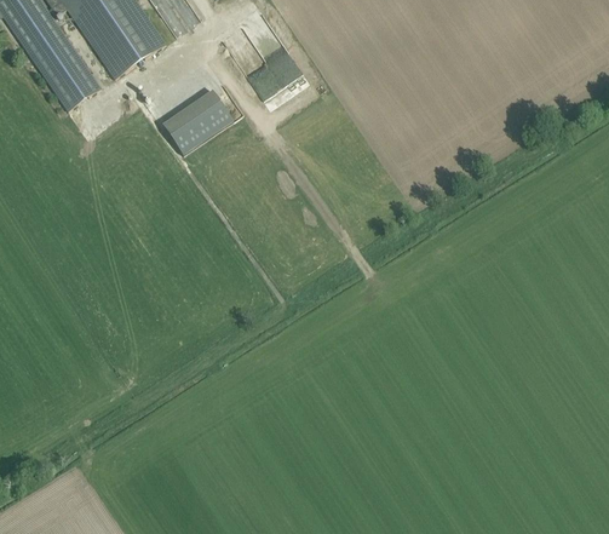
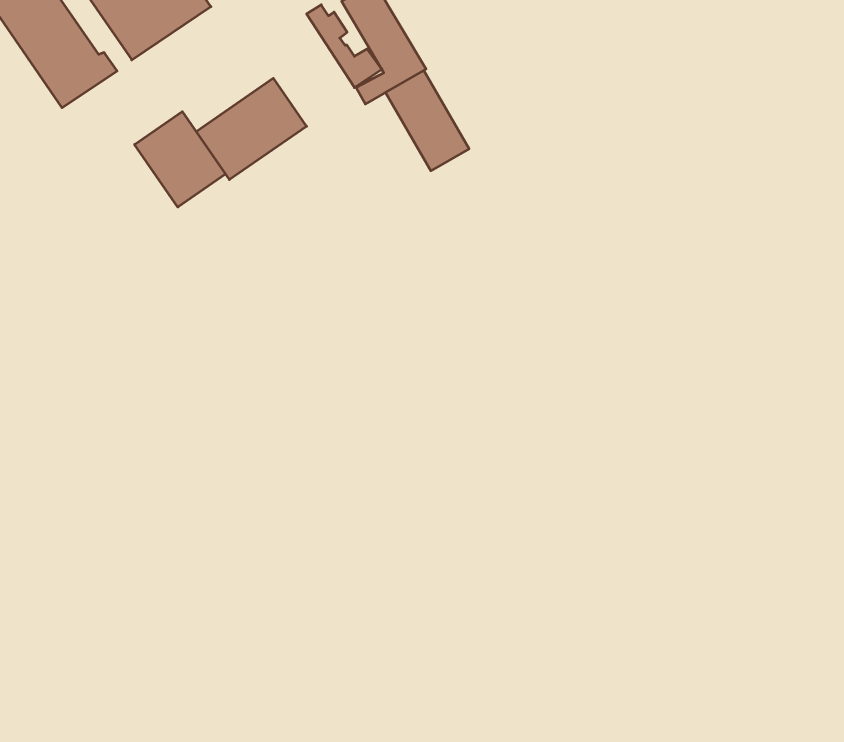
building: none -> [386,70,469,171]
building: none -> [135,112,226,207]

